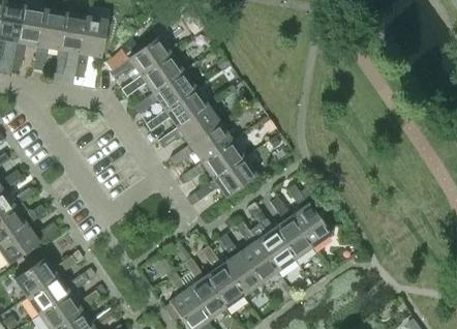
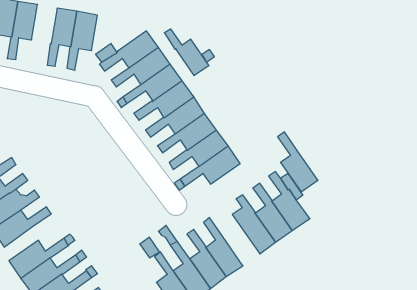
building: [31,9,63,71] -> none
building: none -> [164,29,209,76]
building: [234,221,276,285] -> [278,132,318,192]

